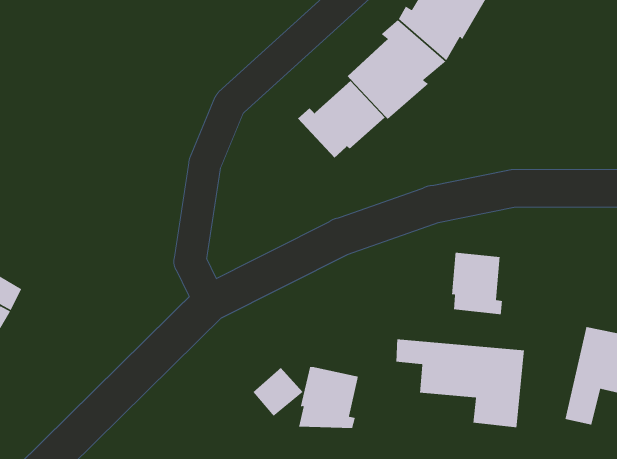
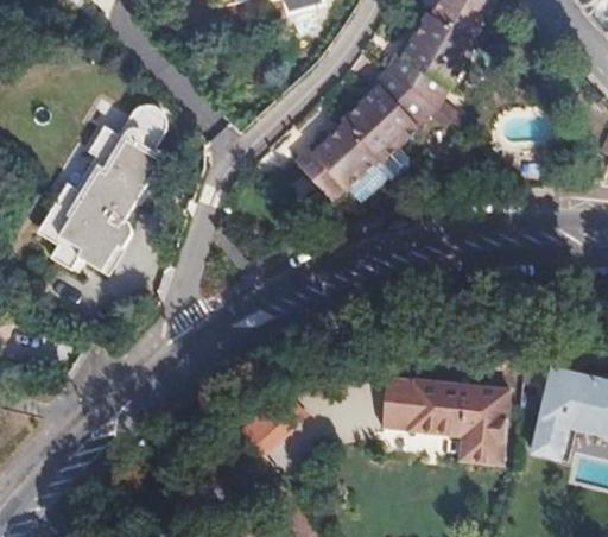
building: none -> [37,106,164,283]
building: [451,252,503,315] -> none
building: [298,366,359,429] -> none

